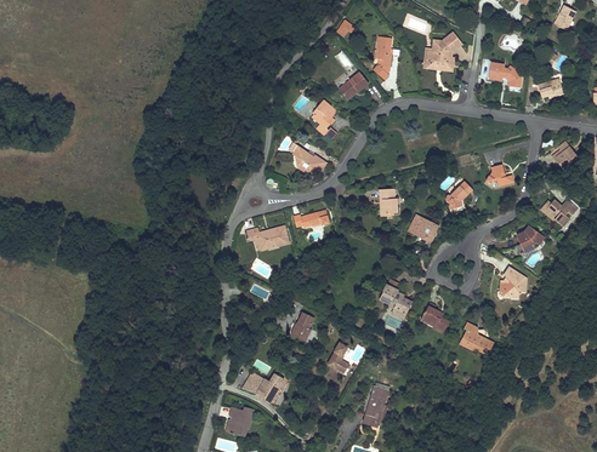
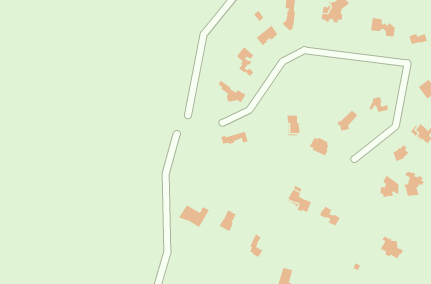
building: [246,225,289,250] -> none
building: none -> [404,171,425,197]
building: [461,324,493,354] -> [380,236,404,259]
building: [241,372,283,402] -> [178,205,210,228]

